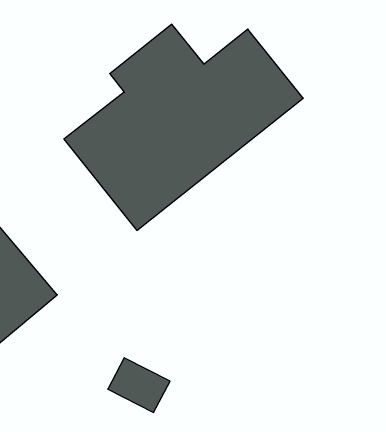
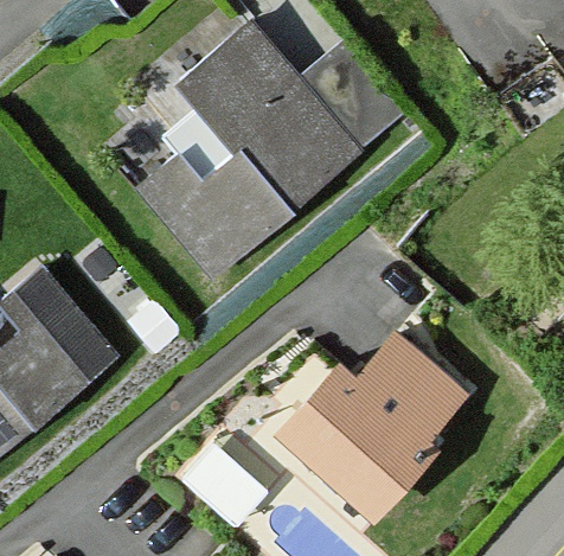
building: none -> [271,324,468,513]

